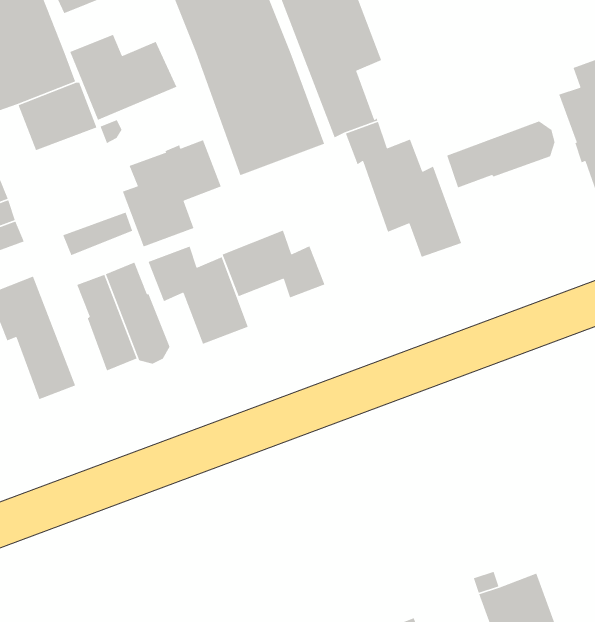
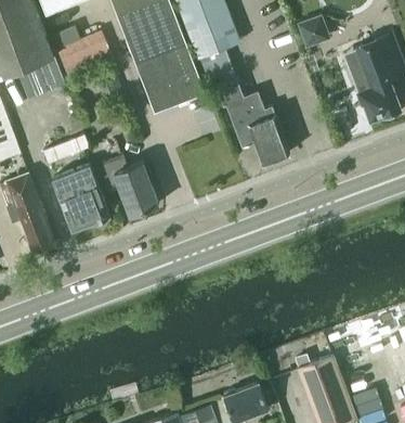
building: none -> [298,15,330,49]
building: [446,121,556,189] -> none
building: [122,139,222,248] -> none
building: [221,229,325,299] -> none

